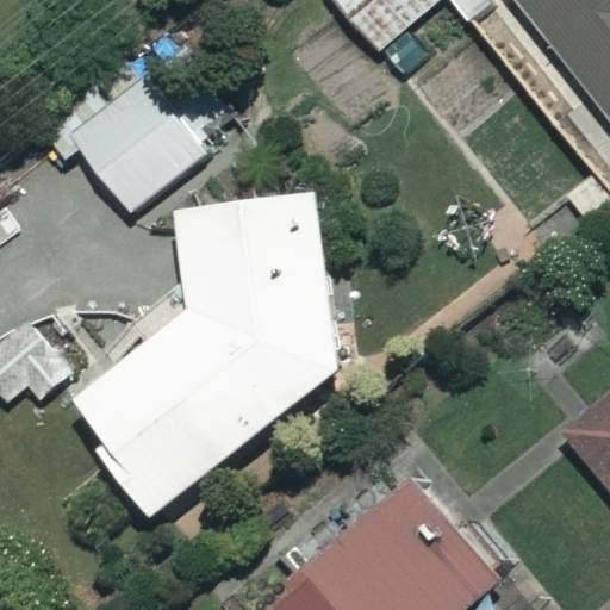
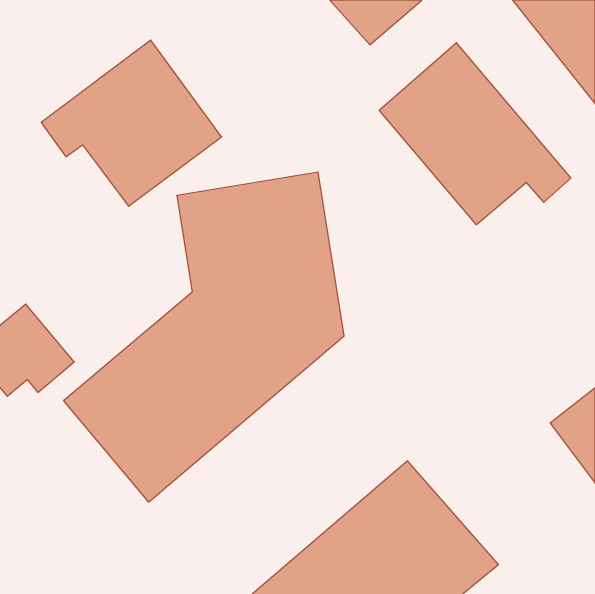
building: none -> [379,43,571,225]

